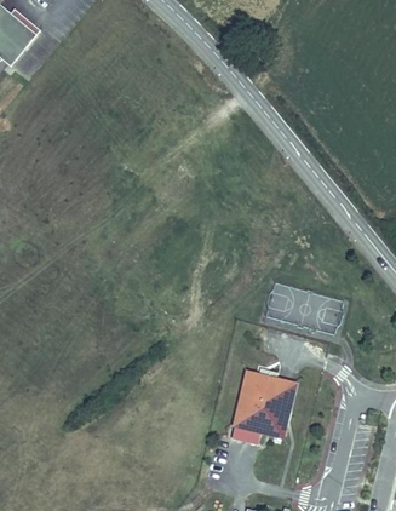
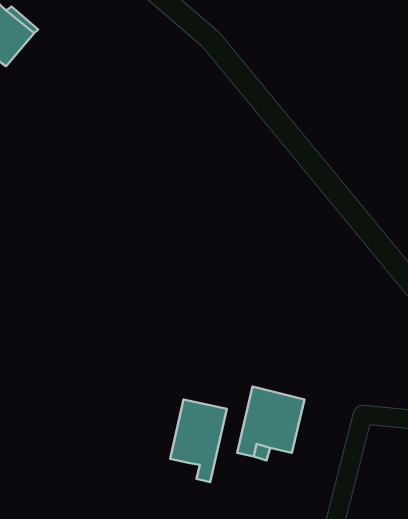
building: none -> [170,400,227,482]

